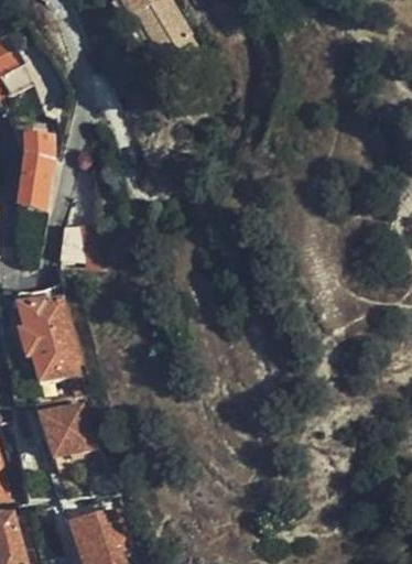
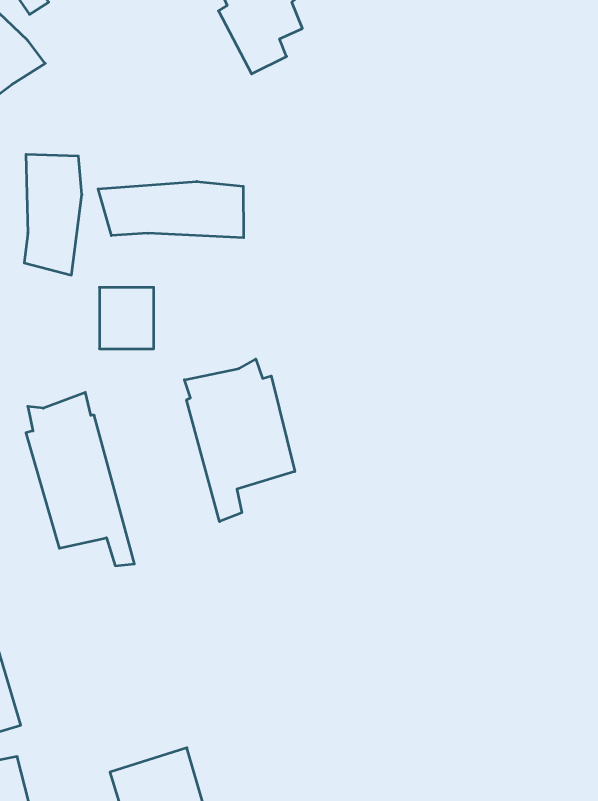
building: none -> [98,181,244,238]
building: none -> [184,359,295,522]
building: [37,402,95,458] -> none

